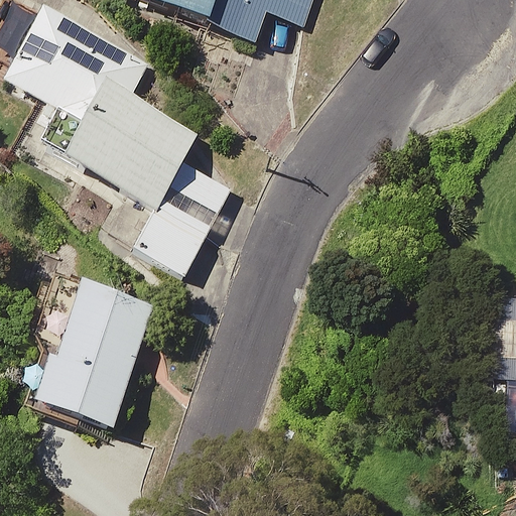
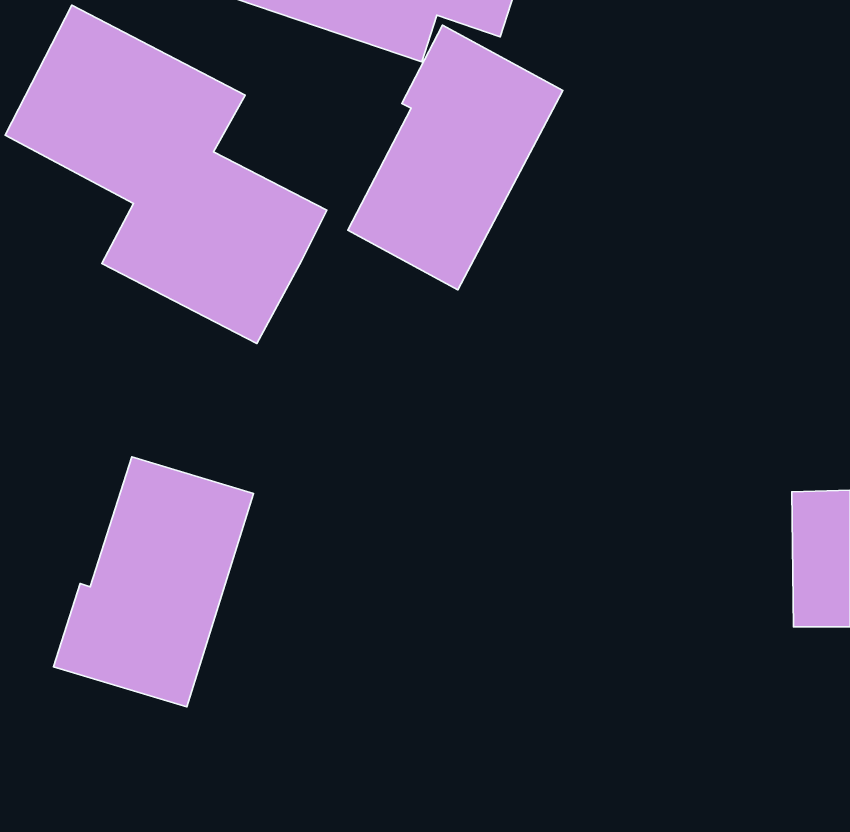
building: none -> [348,25,563,290]
building: [135,157,233,273] -> none

